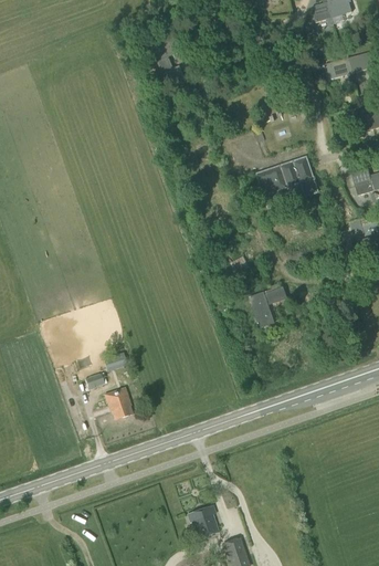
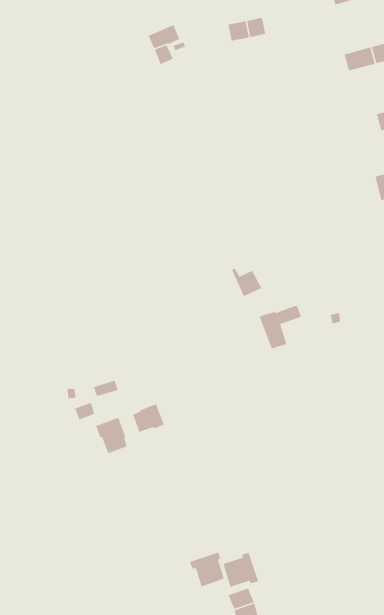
building: [257,157,317,208] -> none
building: none -> [132,403,165,433]
building: none -> [223,552,259,588]

